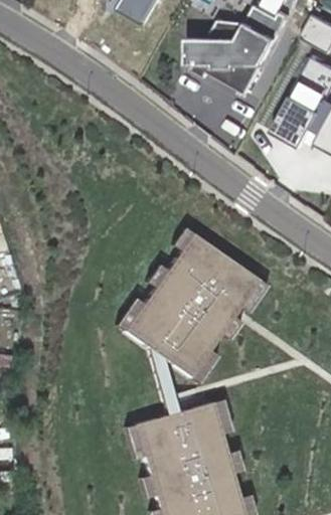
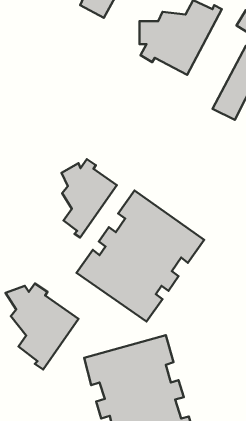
building: none -> [61,159,117,238]
building: none -> [5,283,78,369]

